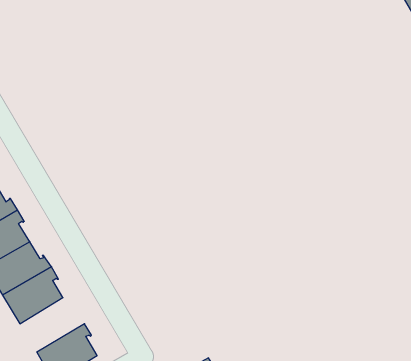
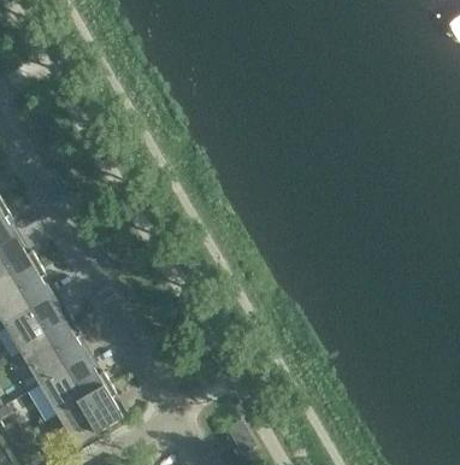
building: none -> [40,355,108,413]

